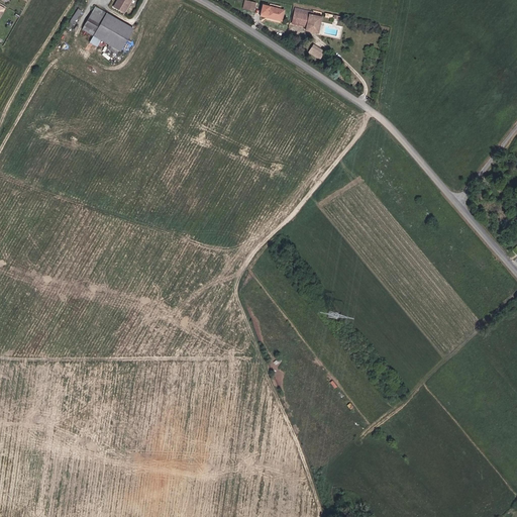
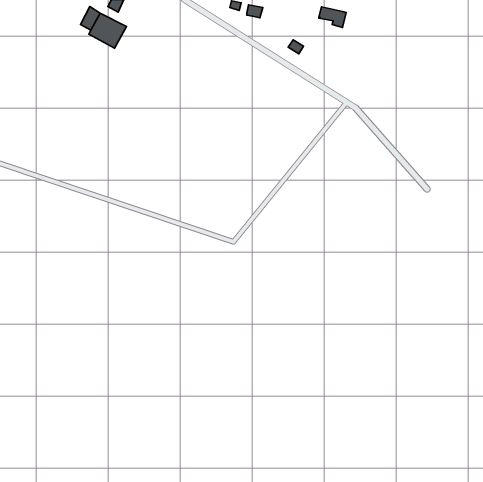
building: [288,9,317,31] -> [319,7,346,27]

